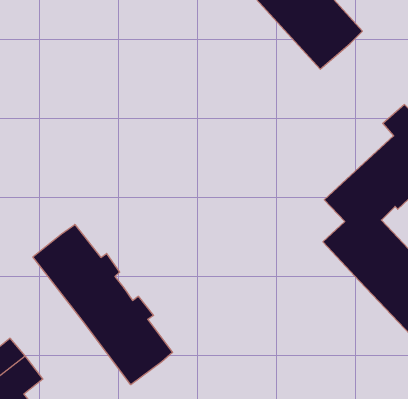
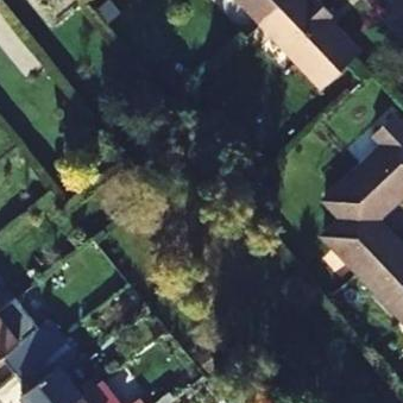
building: [33,224,173,385] -> none

